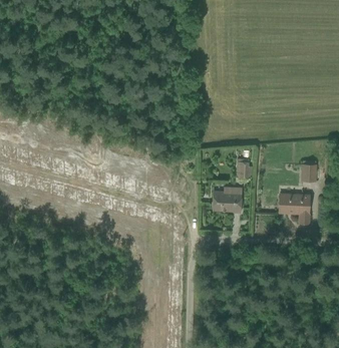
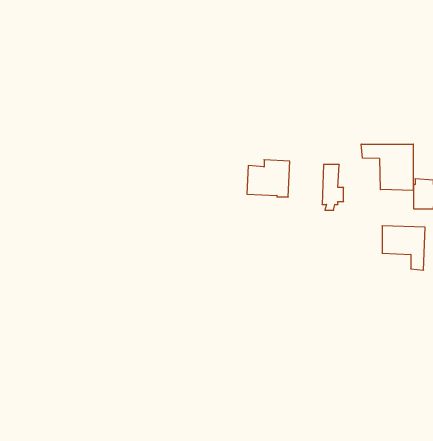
building: none -> [361,144,413,191]
building: [212,187,242,213] -> [247,160,290,197]

